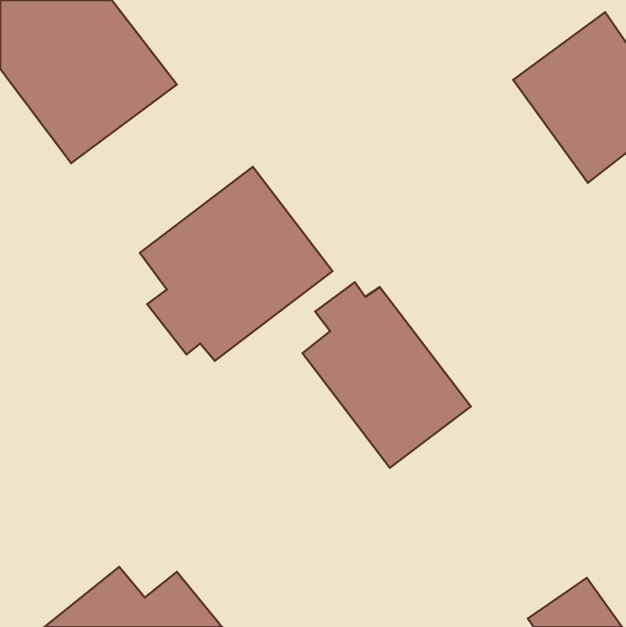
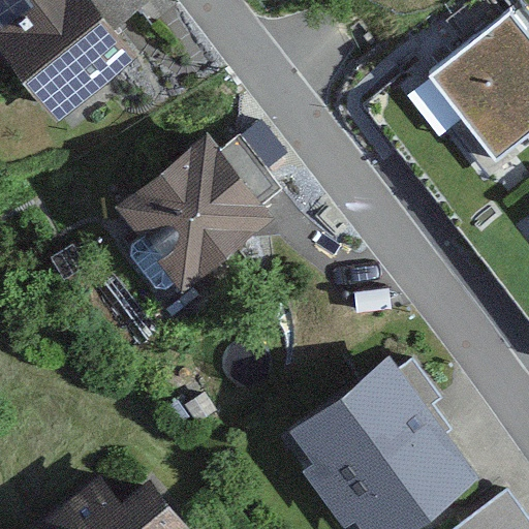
building: [303,282,471,468] -> none
building: none -> [298,365,449,514]

